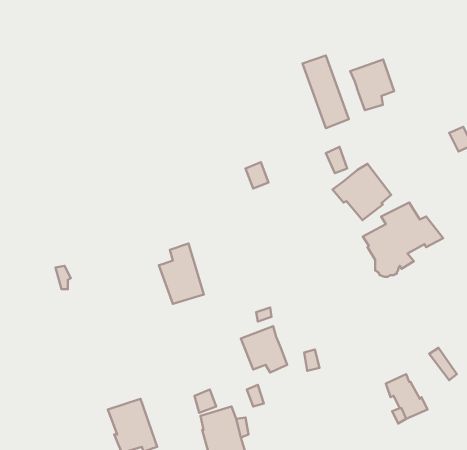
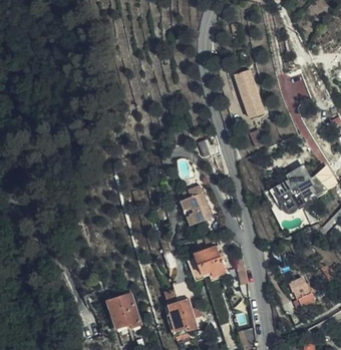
building: [350,59,394,110] -> none
building: [333,164,391,220] -> none
building: [159,244,204,304] -> [183,186,212,225]

